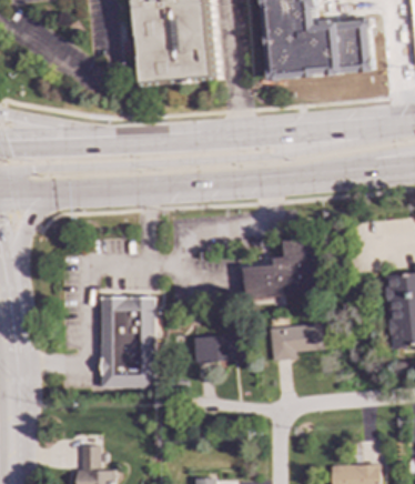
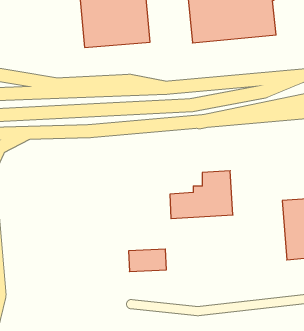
building: [100,296,155,387] -> none
building: [270,323,324,360] -> none

